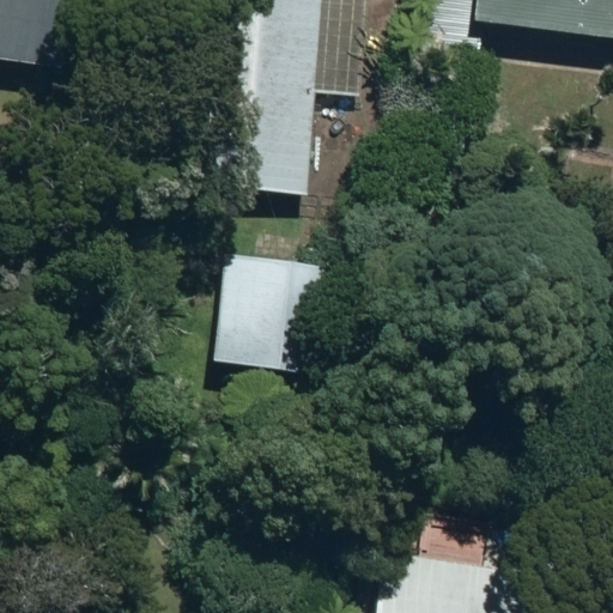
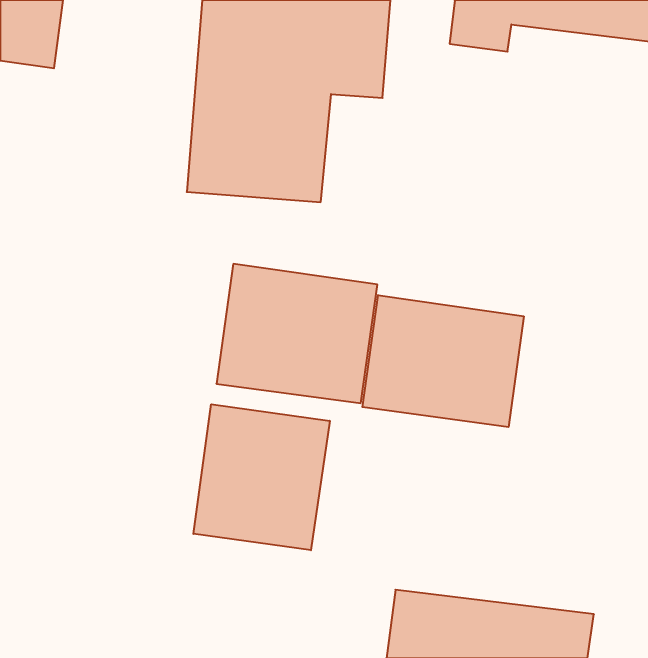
building: none -> [362,295,524,427]
building: none -> [193,404,330,550]

